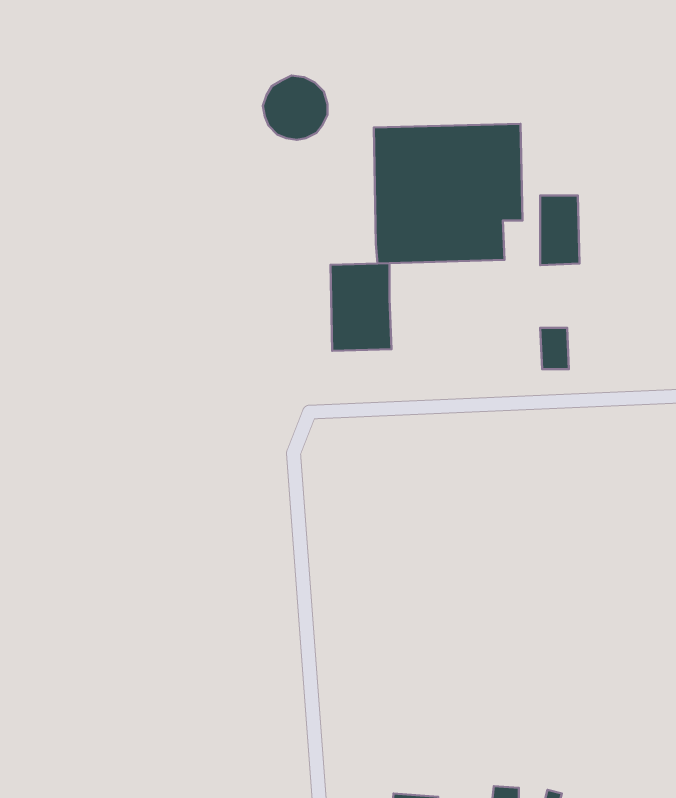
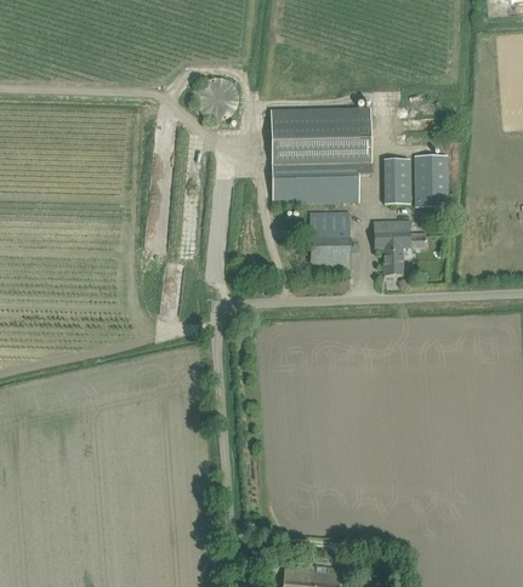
building: none -> [415,153,449,205]
building: [331,263,391,351] -> [309,210,351,269]
building: none -> [374,217,426,246]

